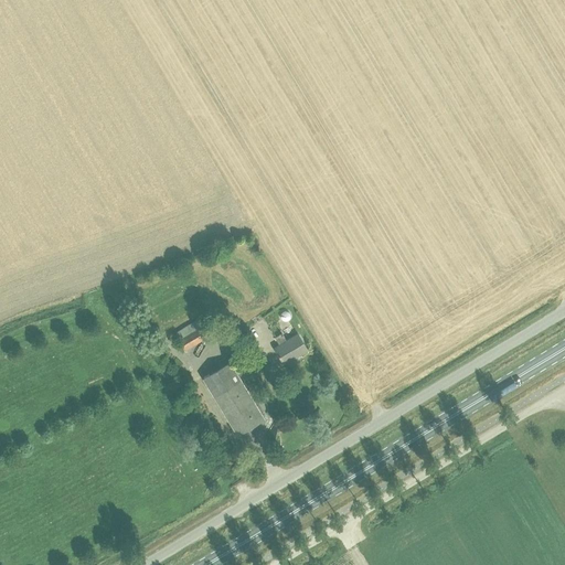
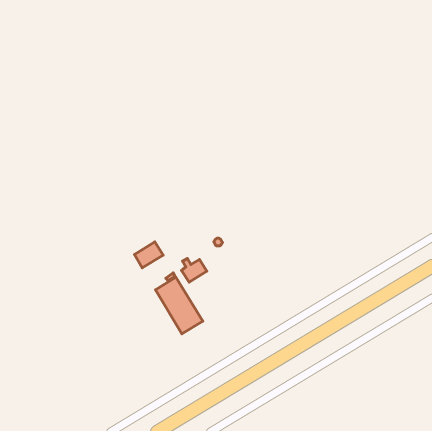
building: [275,334,308,365] -> [182,259,207,282]

